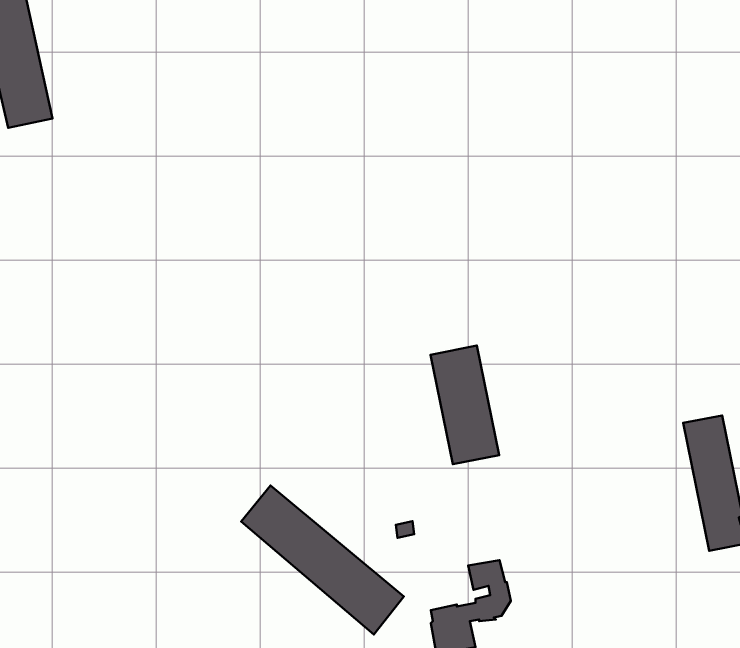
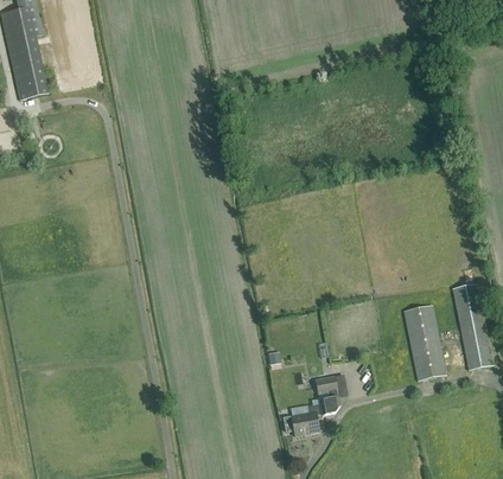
building: [431,346,499,464] -> [403,304,447,379]
building: [241,485,404,634] -> none

